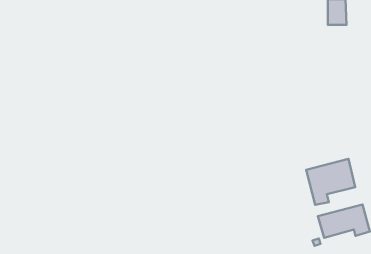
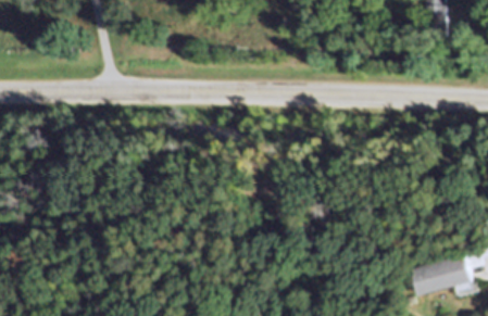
building: [306,159,355,205] -> none

